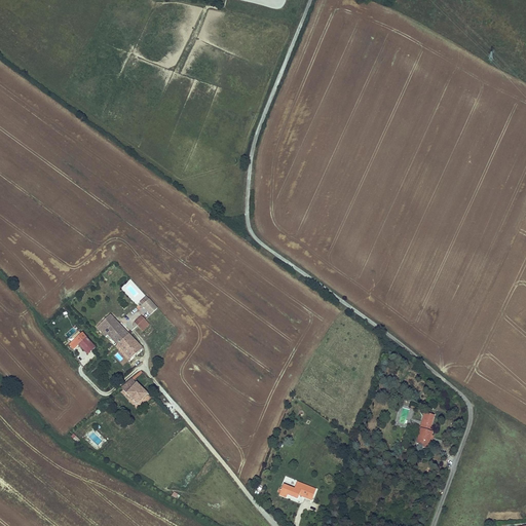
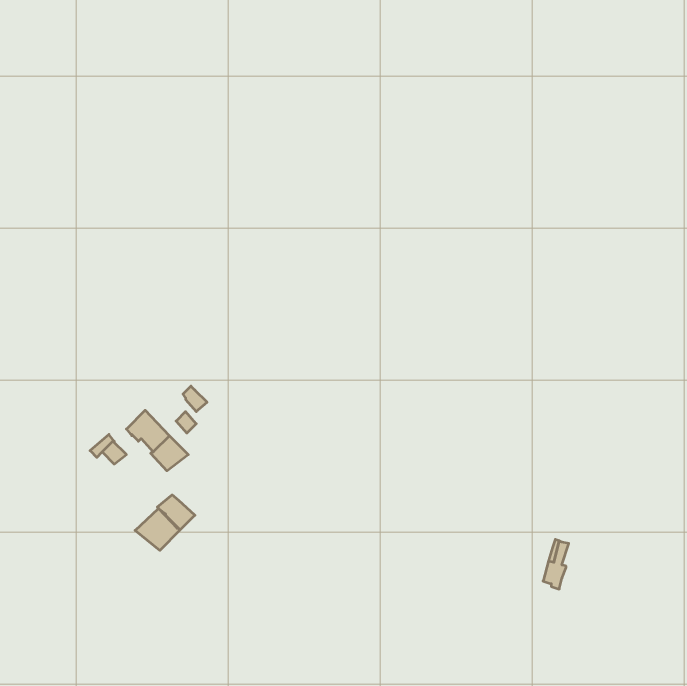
building: none -> [135,508,180,550]
building: [279,480,315,499] -> none

